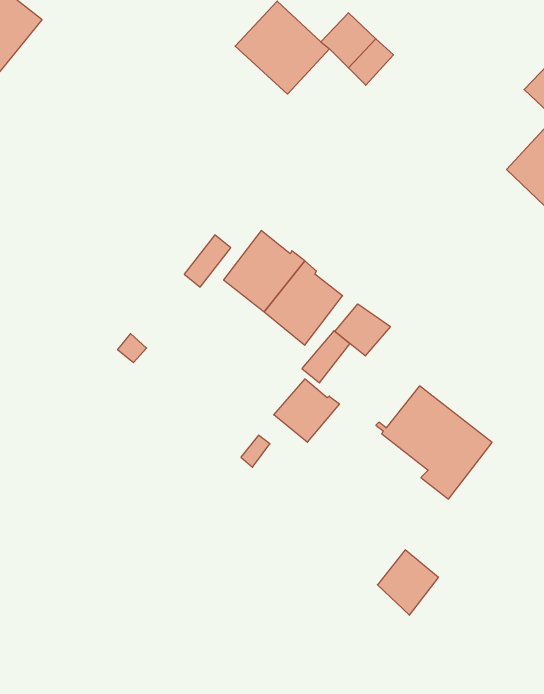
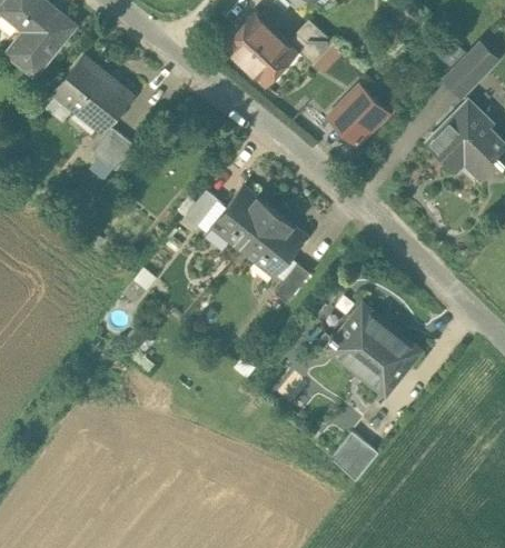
building: none -> [52,57,130,132]
building: none -> [325,89,387,153]
building: none -> [93,131,135,172]
building: [335,304,390,356] -> none
building: [274,379,339,442] -> none

